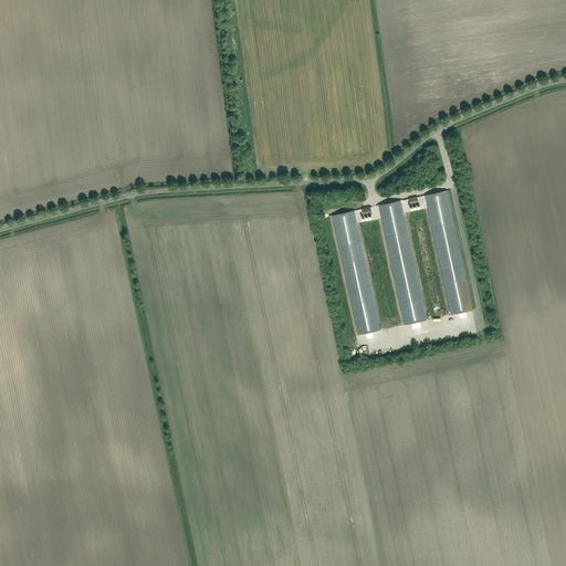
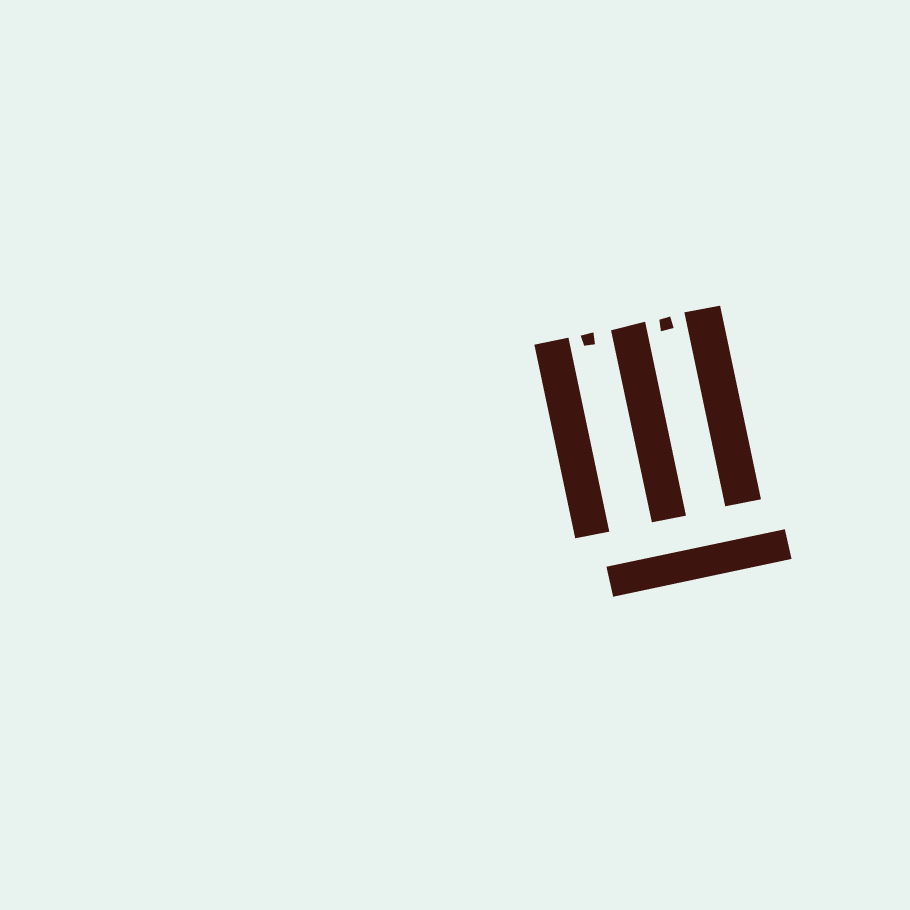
building: none -> [606,528,792,597]

